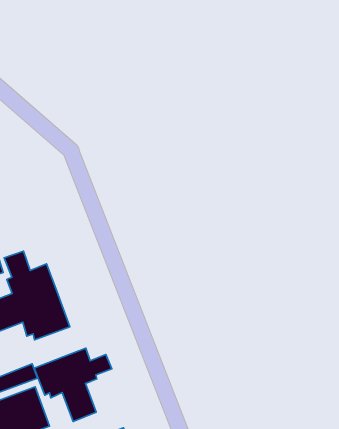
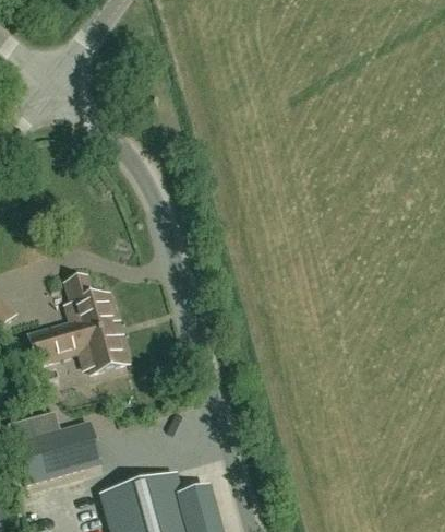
building: [34,348,112,421] -> none

